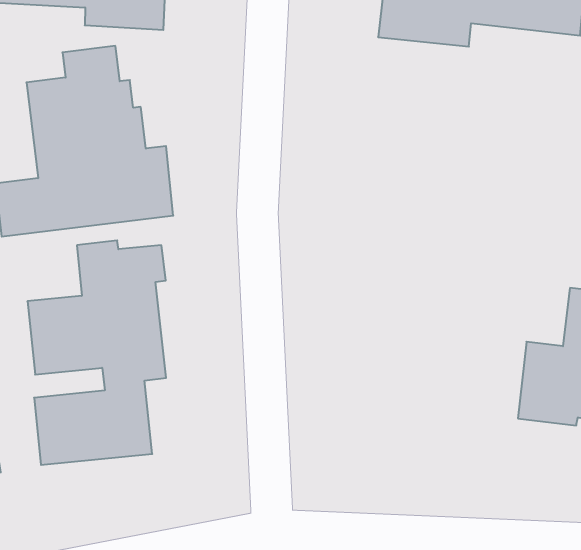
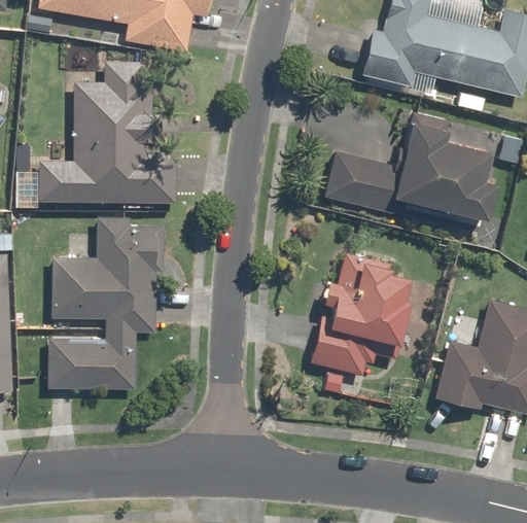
building: none -> [322,109,494,221]
building: none -> [306,252,411,374]

